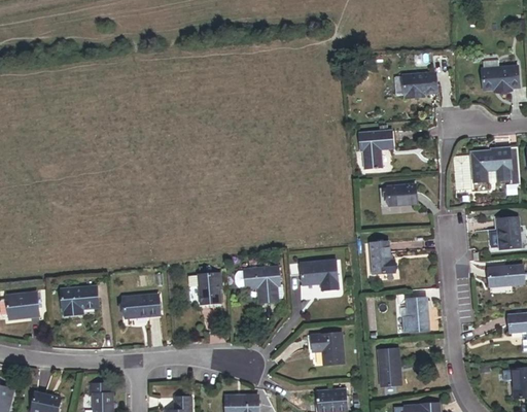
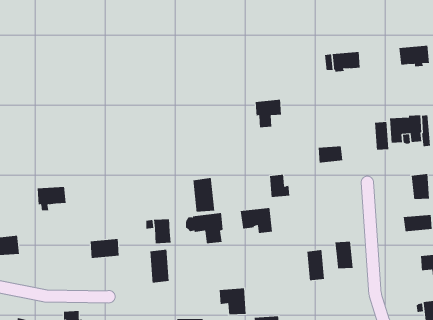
building: [364,132,396,166] -> [255,99,282,128]
building: none -> [193,177,215,213]
building: [373,242,397,270] -> [269,174,290,197]
building: [59,286,94,315] -> [37,187,66,211]
building: none -> [150,249,169,284]
building: [308,332,341,364] -> [219,288,247,315]
building: [381,350,402,387] -> [307,250,325,281]

